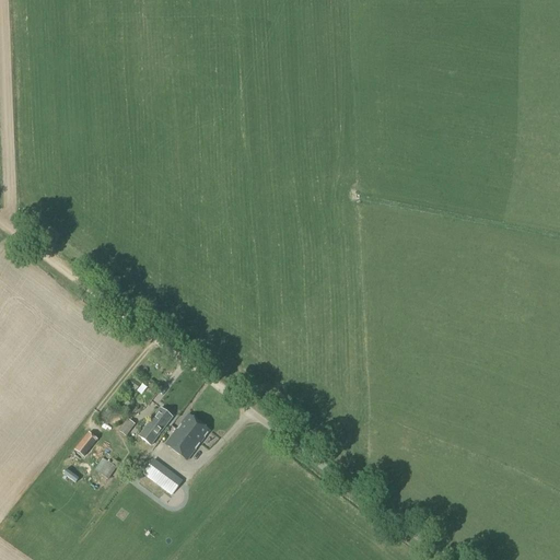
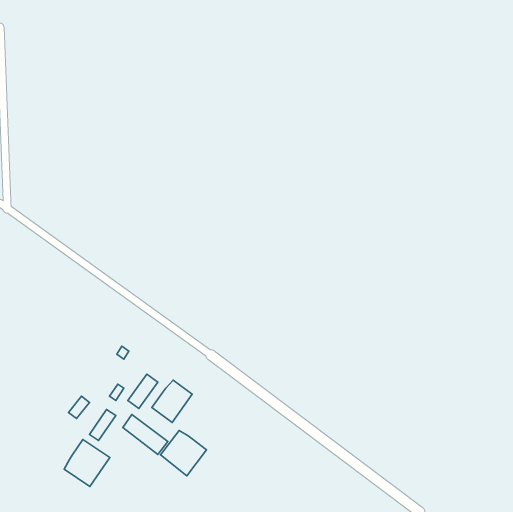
building: none -> [161,430,207,476]
building: none -> [64,440,110,486]

